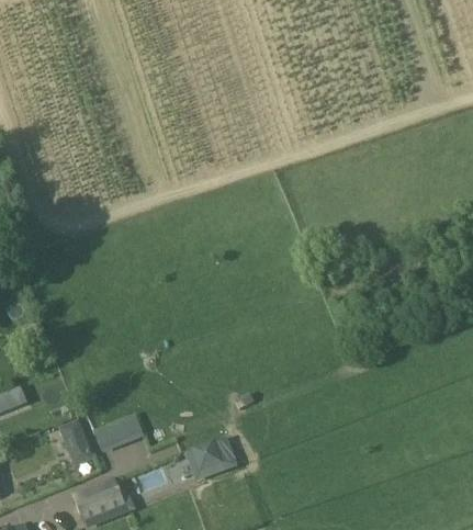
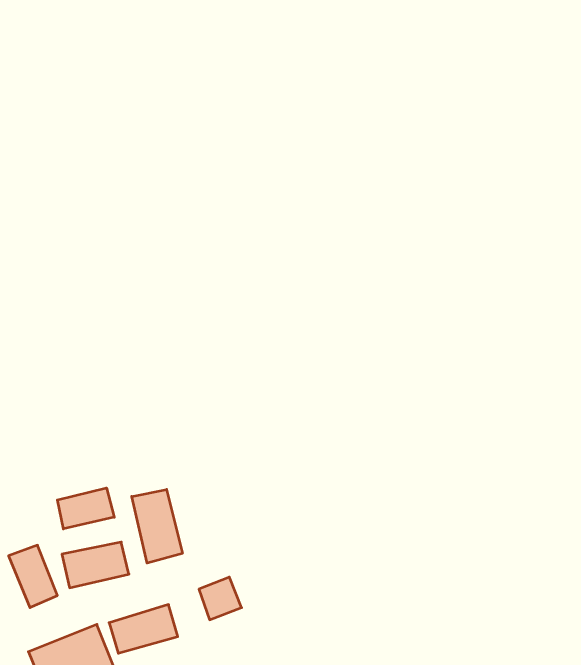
building: none -> [57,488,114,529]
building: none -> [132,489,182,563]

